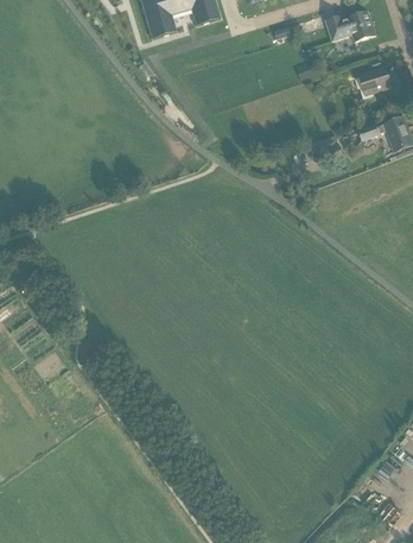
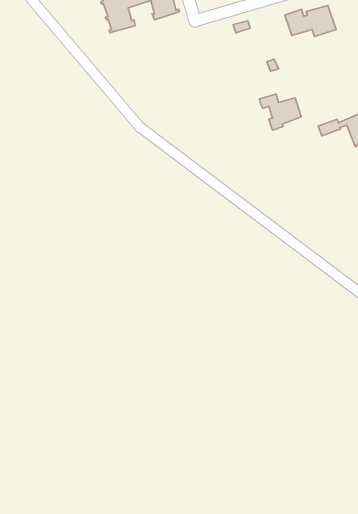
building: [350,63,392,99] -> [259,94,301,130]

